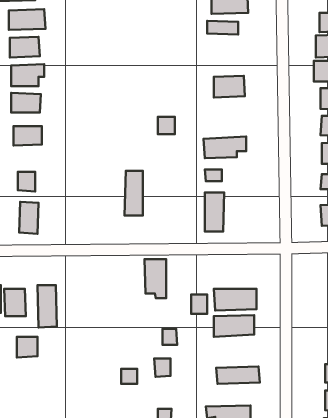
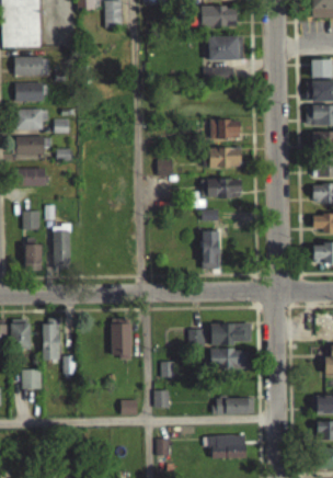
building: none -> [209,148,241,168]
building: [125,171,143,216] -> [53,226,70,269]
building: [144,259,166,298] -> [111,322,131,360]

